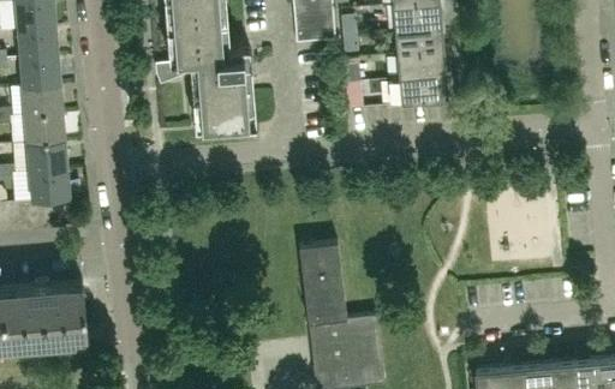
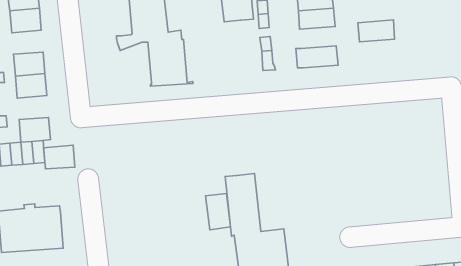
building: [395,49,443,78] -> [358,20,394,42]
building: [19,54,60,85] -> none
building: [26,139,67,170] -> [44,145,75,169]
building: none -> [206,194,230,230]

